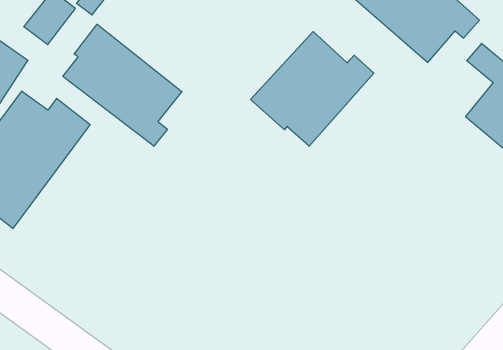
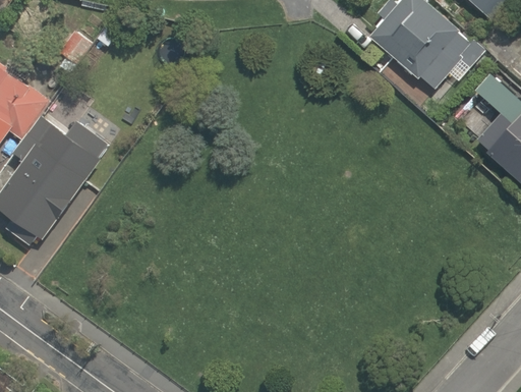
building: [63,24,182,146] -> none
building: [251,32,374,146] -> none

